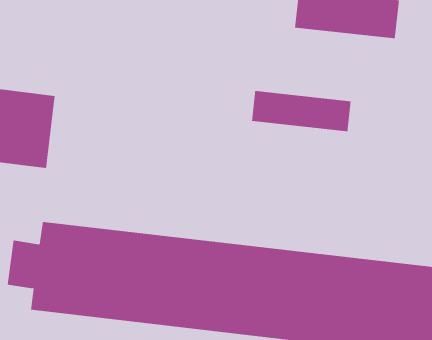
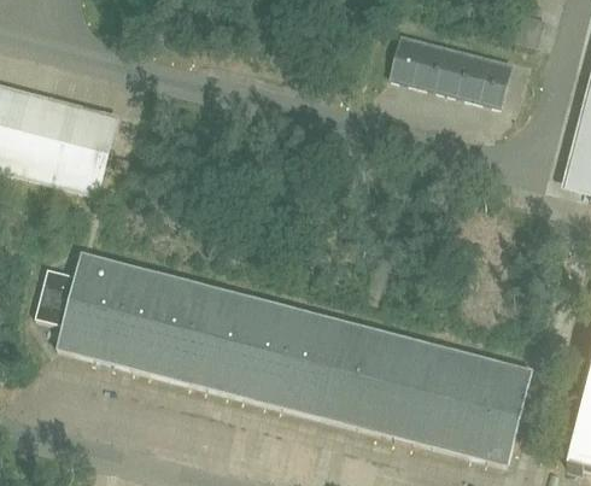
building: [252,90,351,132] -> none

